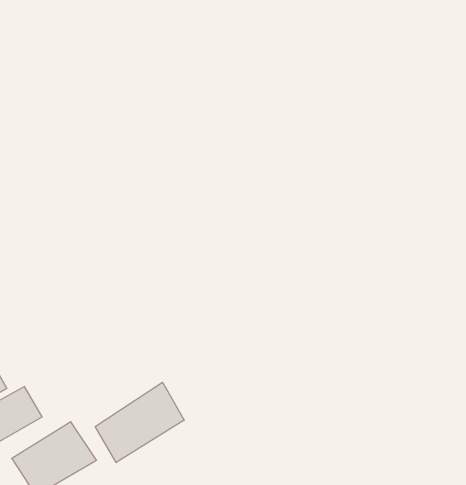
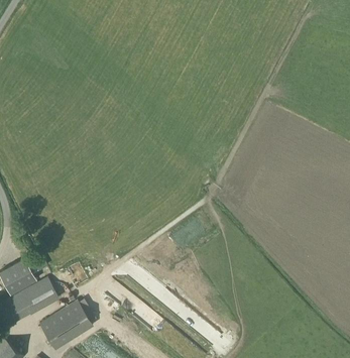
building: [95,382,184,463] -> none

